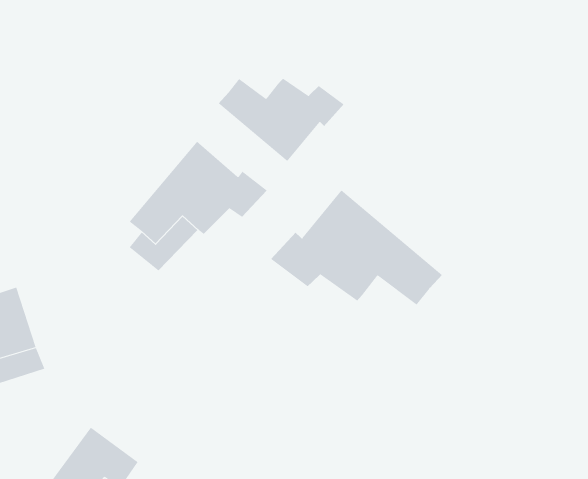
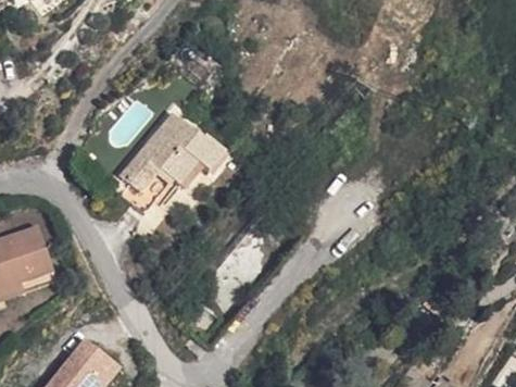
building: [218,78,345,162] -> none
building: [270,190,443,306] -> none

